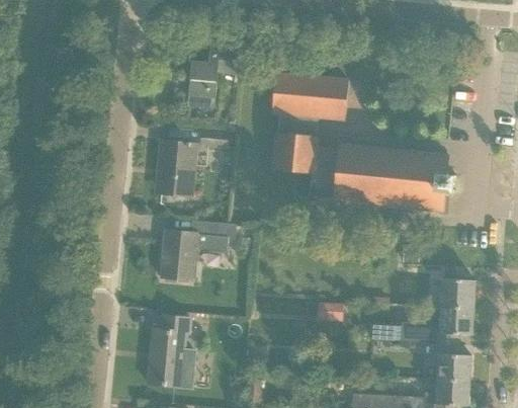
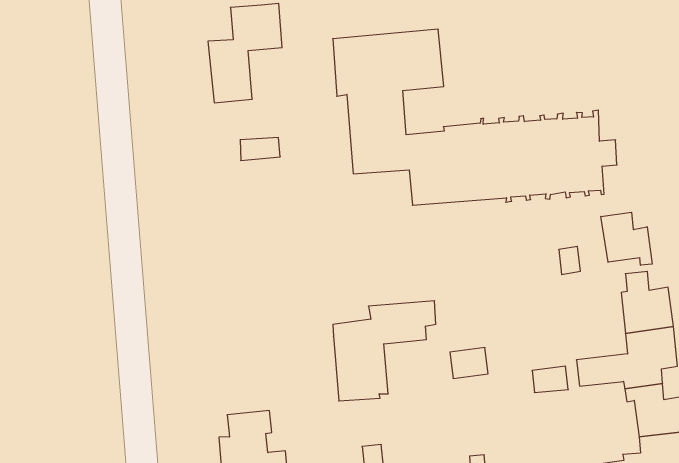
building: [155,143,196,198] -> none
building: [160,219,237,282] -> [333,301,436,401]
building: none -> [601,212,652,265]

